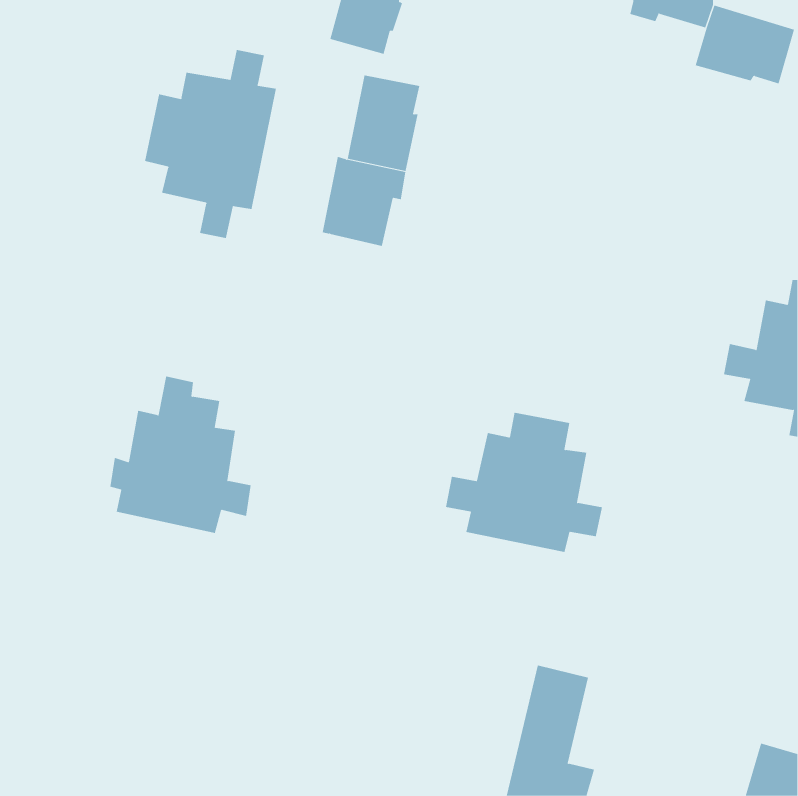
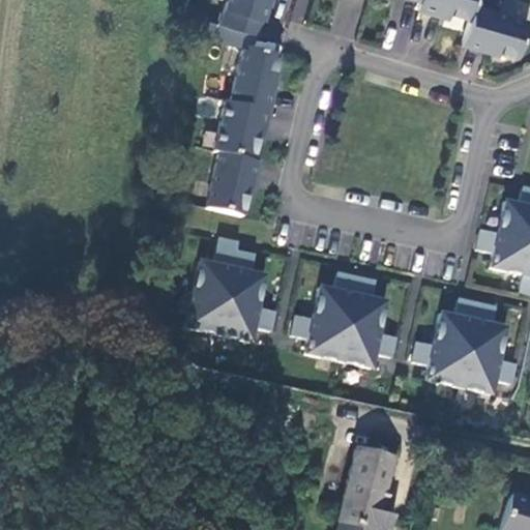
building: [144,49,277,239] -> none
building: none -> [206,155,259,219]
building: [109,376,252,534] -> [183,239,277,344]
building: none -> [416,298,521,391]

